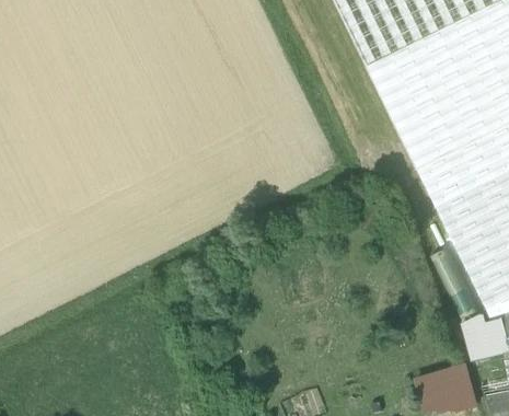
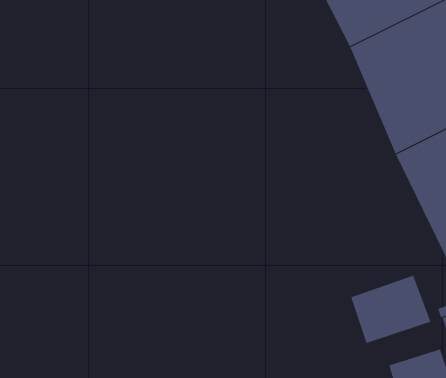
building: none -> [350,275,431,344]

